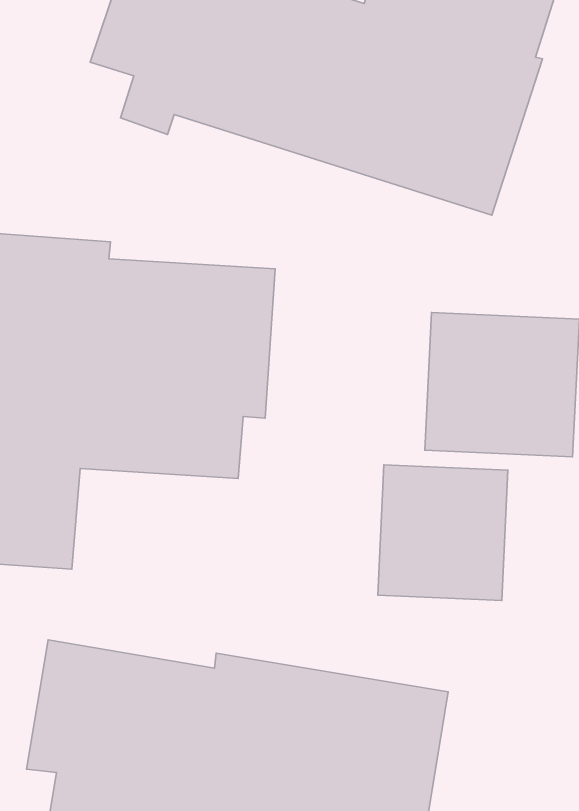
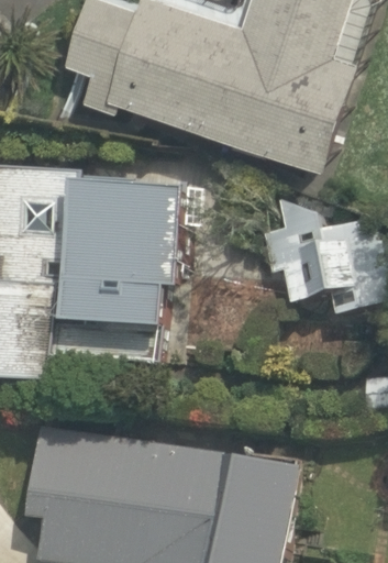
building: [378,465,508,601] -> none

